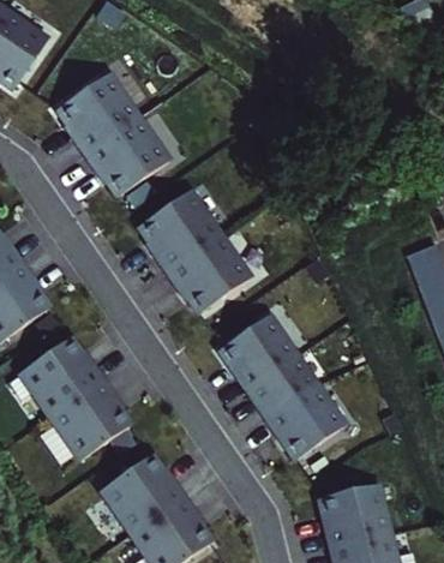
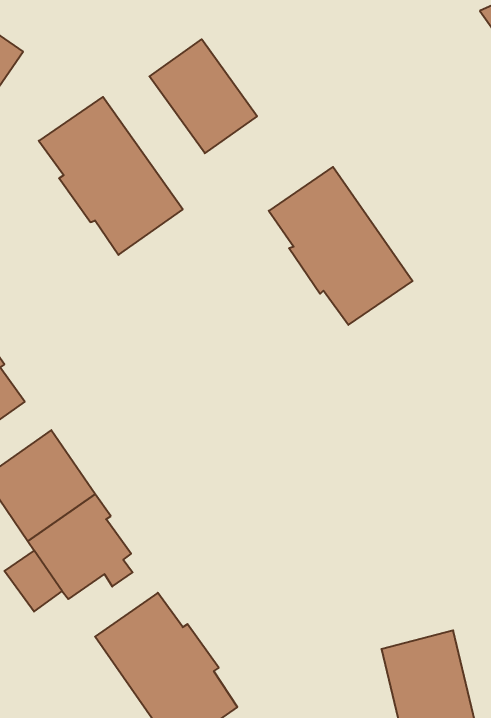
building: none -> [149,39,257,153]
building: [139,191,250,312] -> [269,167,413,325]
building: [220,316,343,457] -> none

